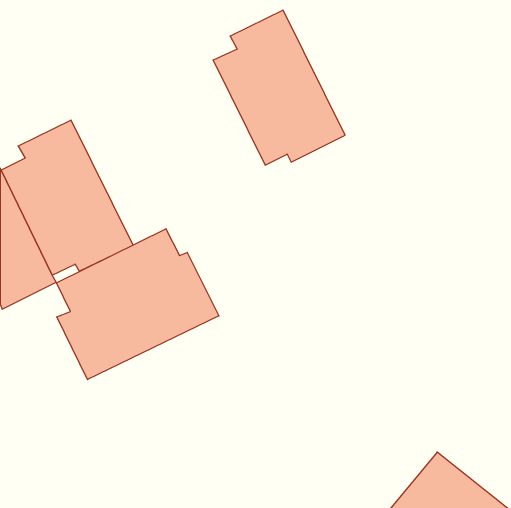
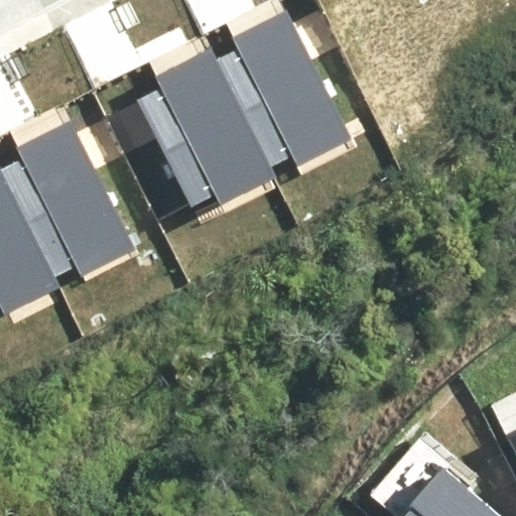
building: none -> [137,50,270,208]
building: [57,229,219,380] -> none

